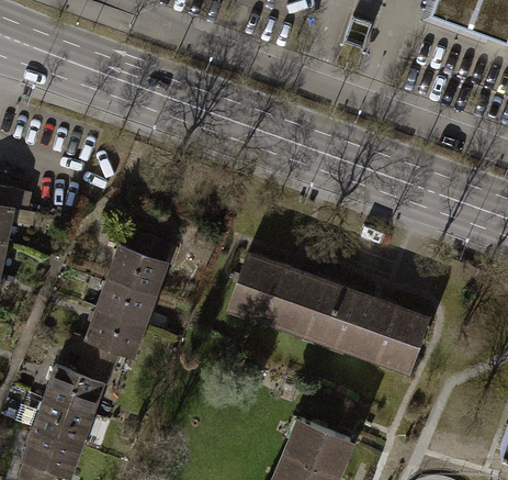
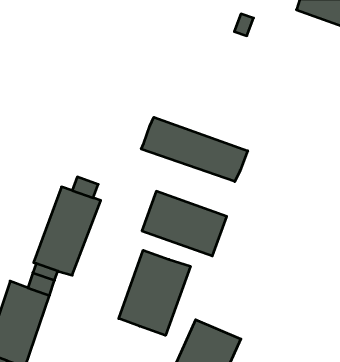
building: none -> [141,117,248,182]
building: [317,286,424,369] -> none
building: none -> [119,250,190,335]

